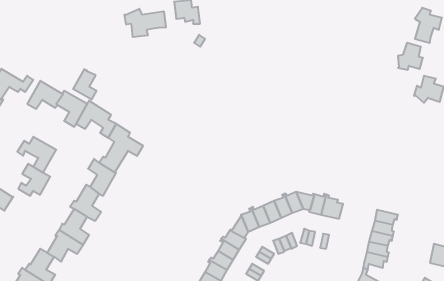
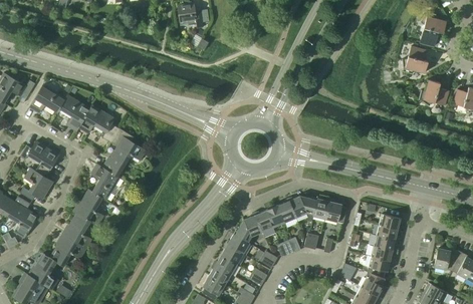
building: [124,9,166,37] -> none
building: [73,69,96,100] -> none
building: none -> [6,197,37,239]

